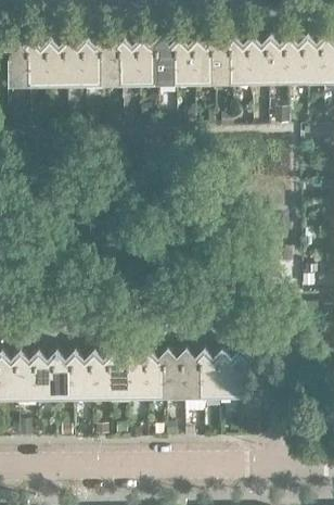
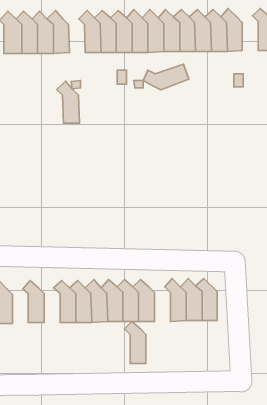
building: [279,36,304,85] -> none
building: [77,38,103,87] -> [57,81,79,123]
building: none -> [143,64,189,90]
building: [177,351,202,400] -> [124,321,146,364]
building: [12,352,37,402] -> none
building: [49,352,74,401] -> none

